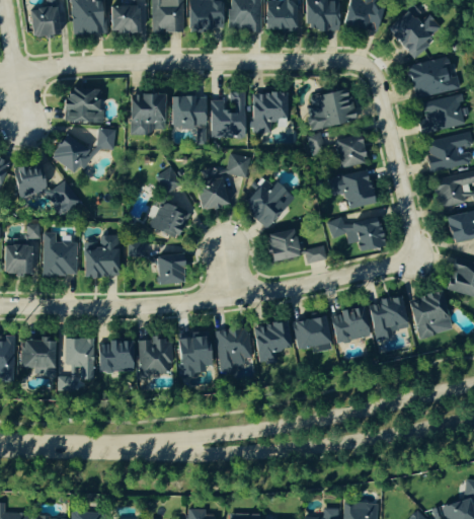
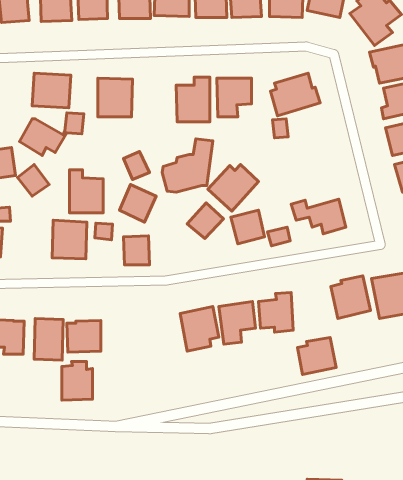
building: [171,95,207,127] -> none
building: [334,134,367,168] -> none
building: [341,169,376,209] -> none
building: none -> [187,203,224,239]
building: [44,232,78,276] -> [69,170,103,213]
building: [331,305,371,343] -> [297,338,336,374]
building: [178,332,212,373] -> none
building: [141,336,172,375] -> [62,362,93,400]

